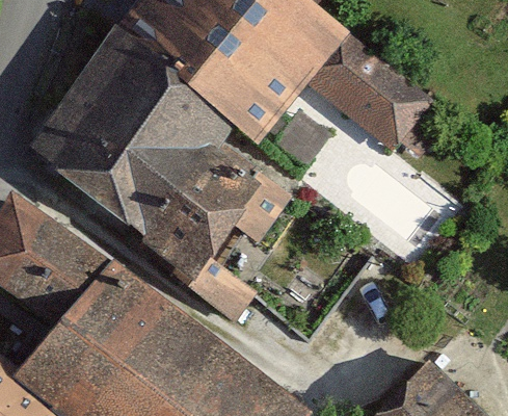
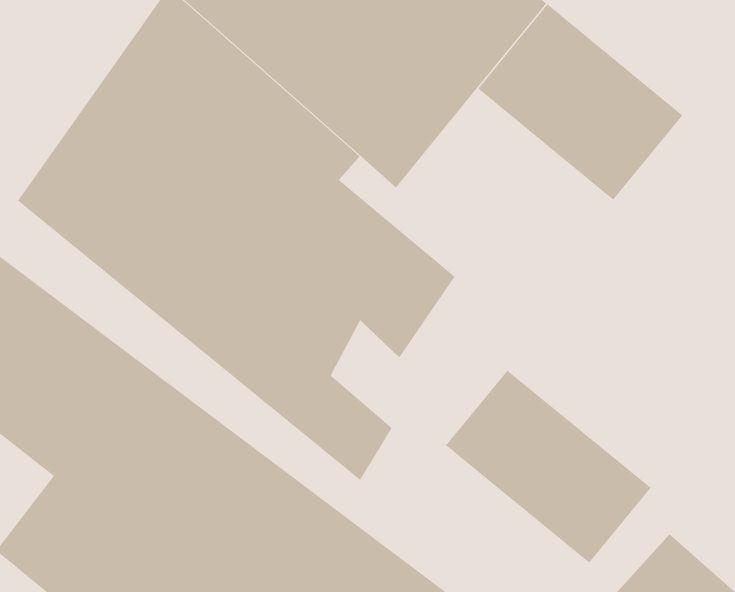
building: none -> [445,370,652,563]

